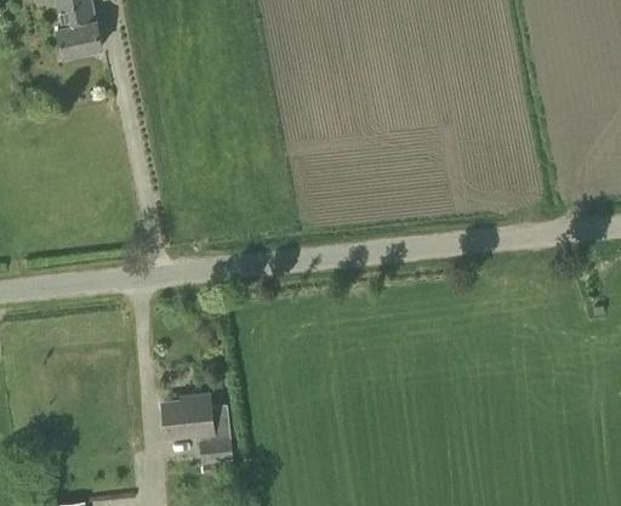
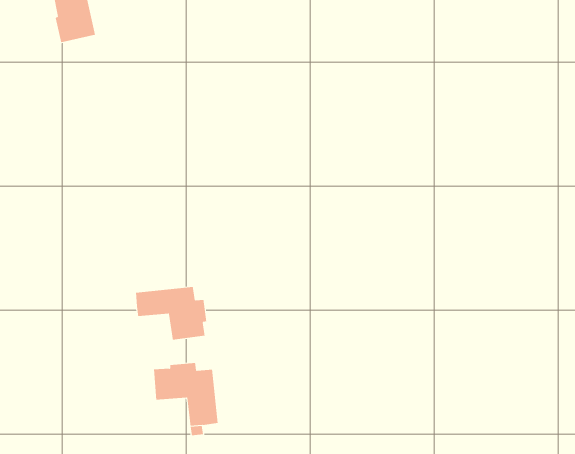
building: none -> [136,286,207,341]

